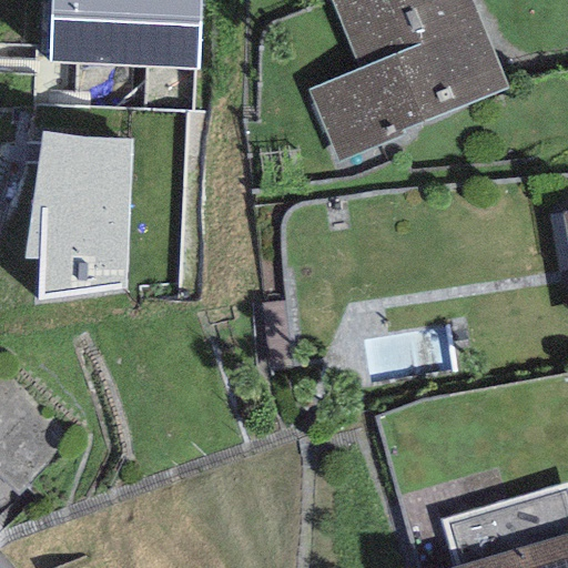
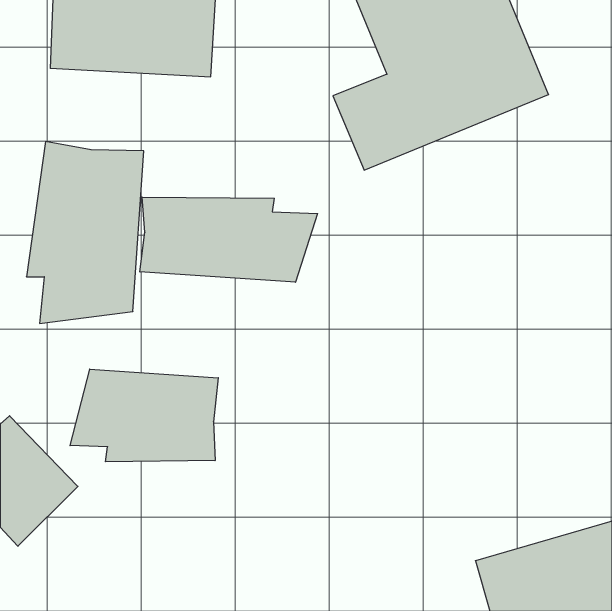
building: none -> [140,197,318,282]
building: none -> [70,369,218,462]

